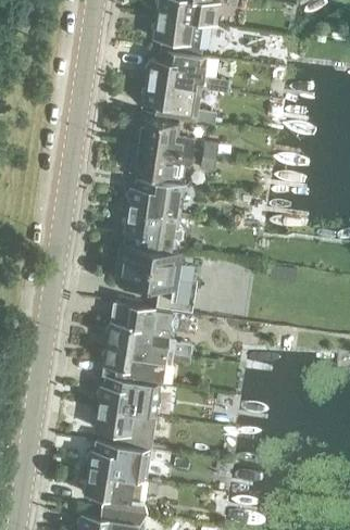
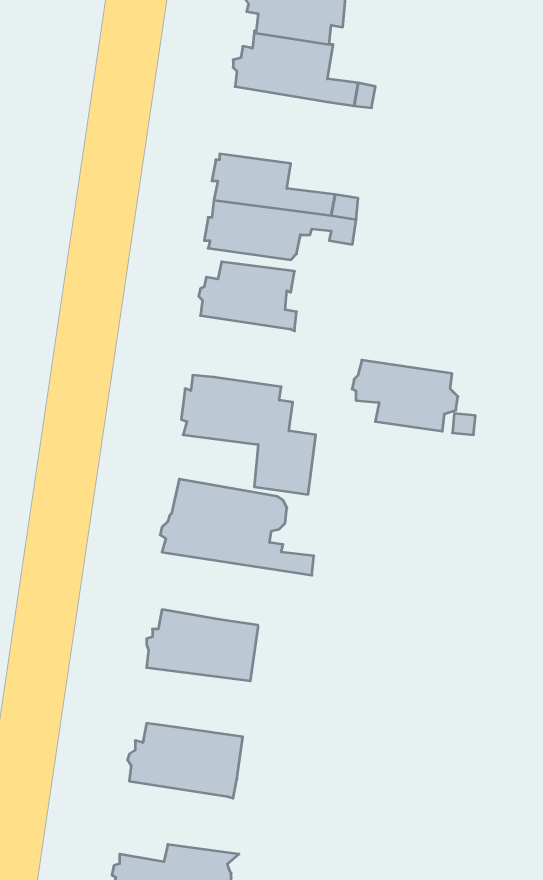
building: [140,80,215,123] -> none
building: [122,210,182,250] -> [352,360,458,431]
building: [101,343,190,384] -> none
building: [92,408,155,447] -> none
building: [83,472,149,514] -> none

